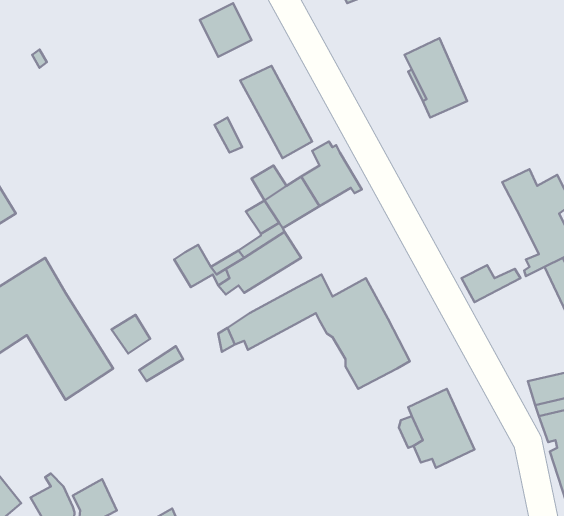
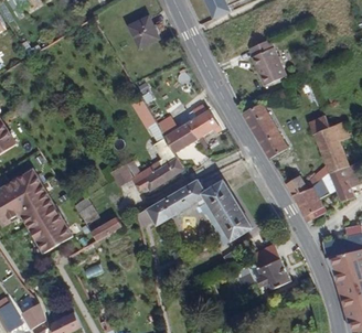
building: [240,66,312,158] -> [243,103,286,158]
building: none -> [290,180,327,222]

